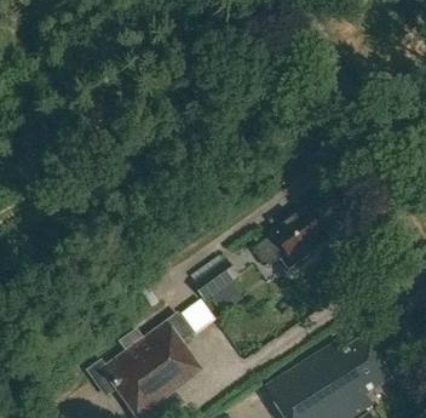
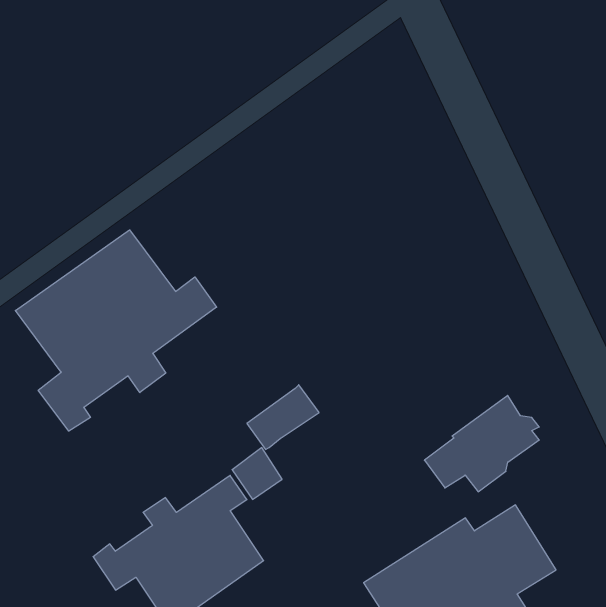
building: none -> [15,230,217,431]
building: [252,207,327,270] -> [424,395,539,492]

